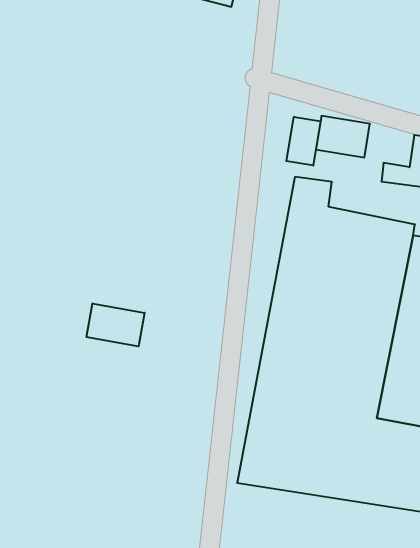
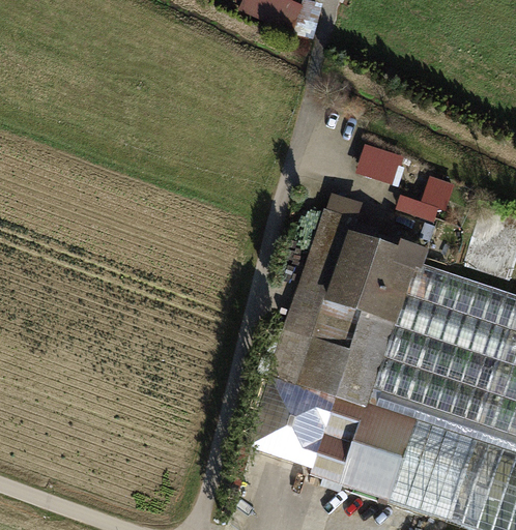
building: [287,117,321,166] -> none
building: [87,303,145,346] -> none

